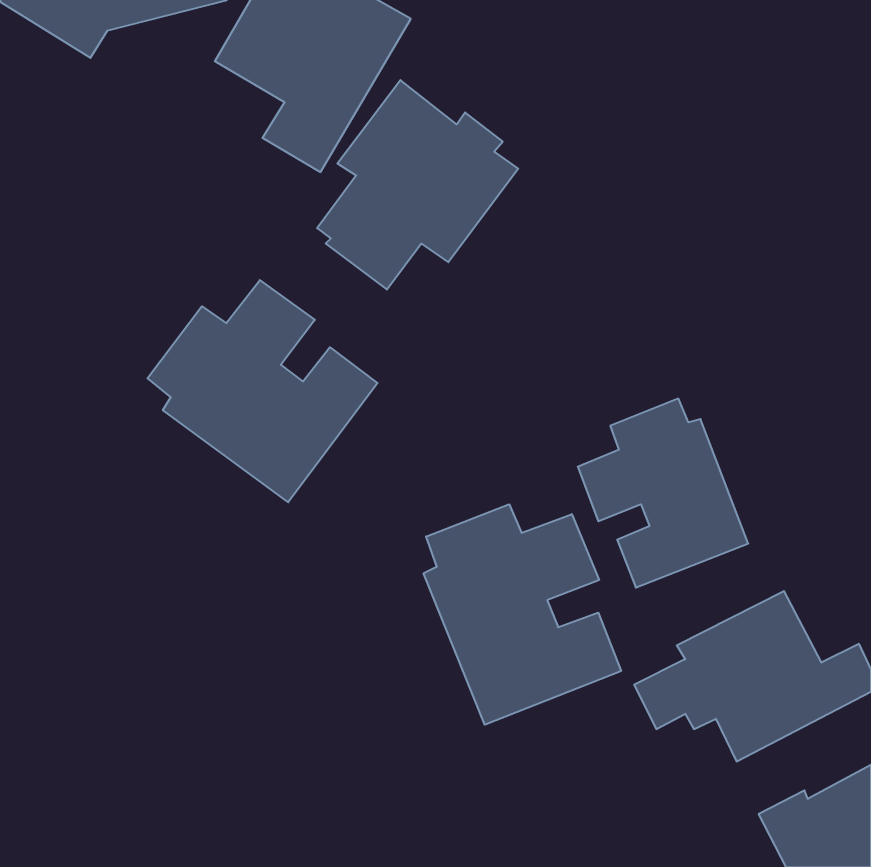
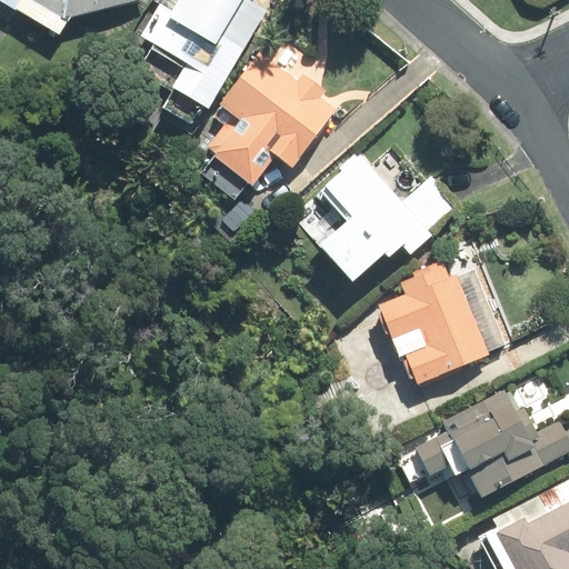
building: none -> [317,153,463,281]
building: [147,280,378,502] -> none
building: [424,504,621,725] -> none

